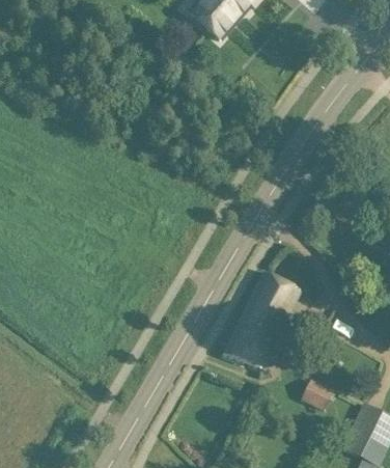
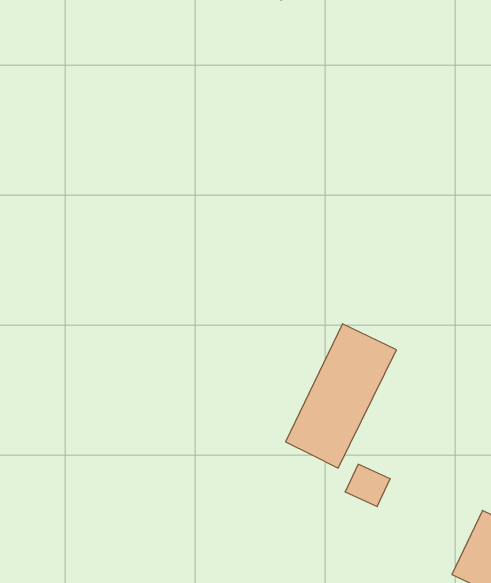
building: [300,379,332,409] -> [345,464,390,507]

